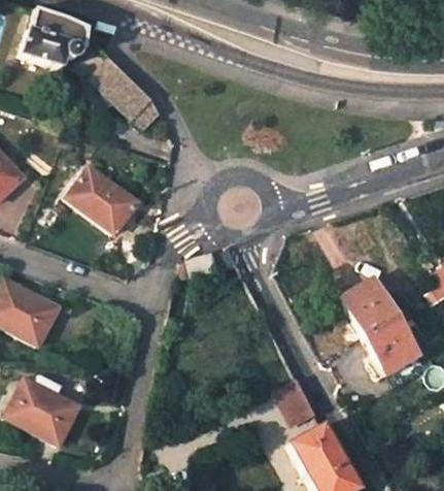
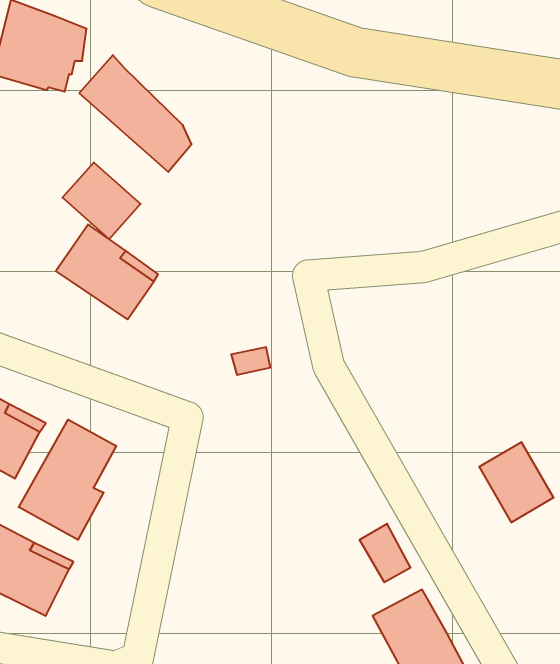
building: none -> [62,162,141,239]
building: [343,282,395,337] -> none
building: none -> [19,420,116,540]

